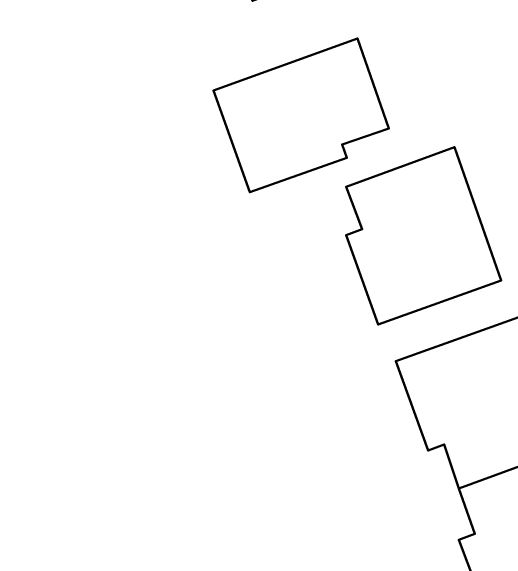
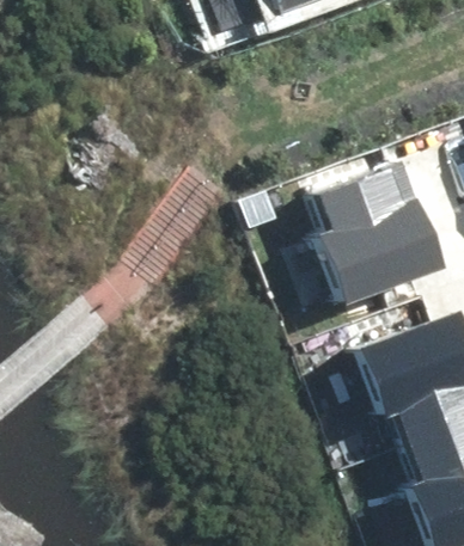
building: [214,38,389,192] -> none

